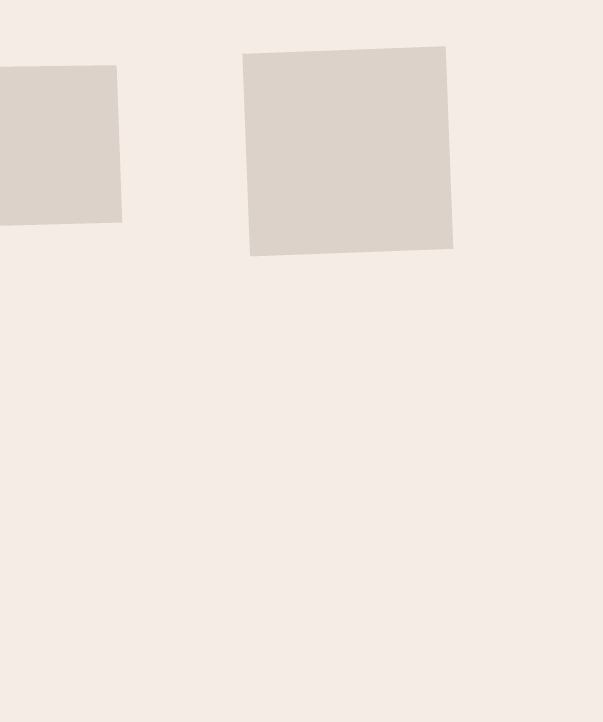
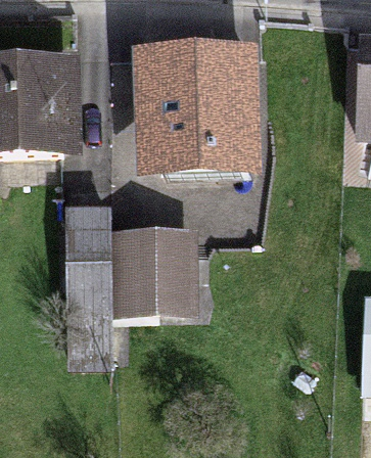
building: none -> [69,216,111,361]
building: none -> [120,233,189,311]

